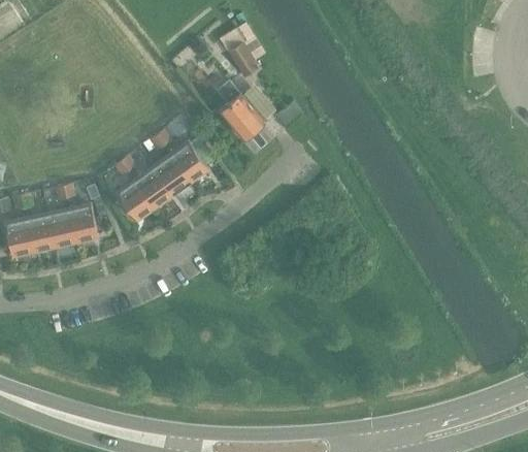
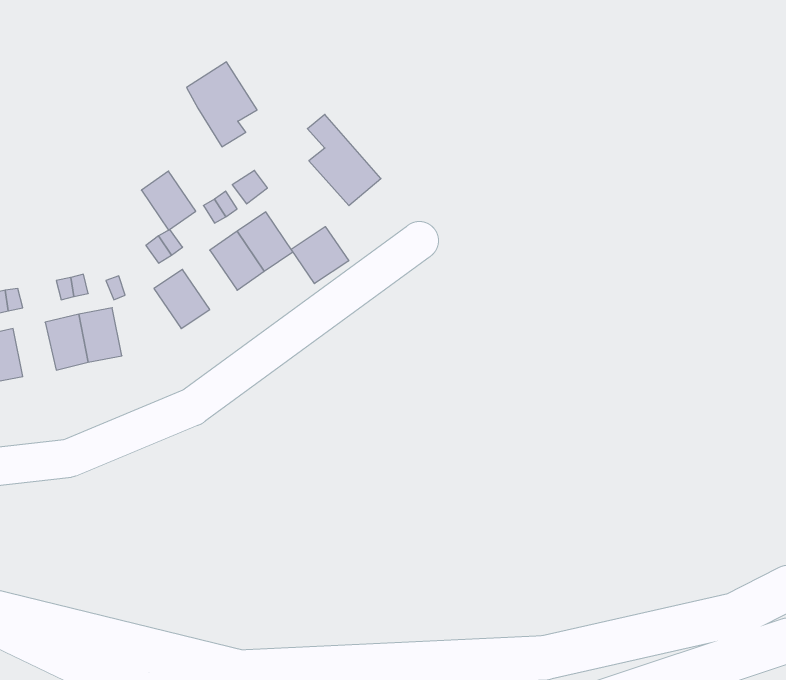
building: [220,23,265,77] -> [187,62,257,147]
building: none -> [291,227,349,284]
building: [136,169,171,207] -> [141,171,196,230]
building: [27,216,55,251] -> none

